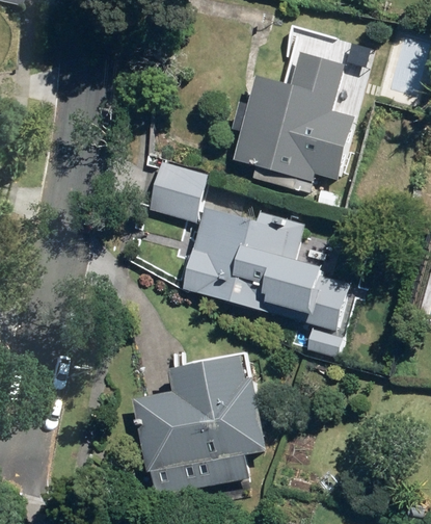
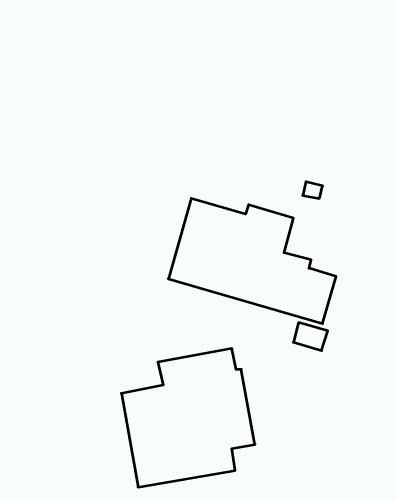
building: [234,53,353,192] -> none
building: [147,160,208,221] -> none

